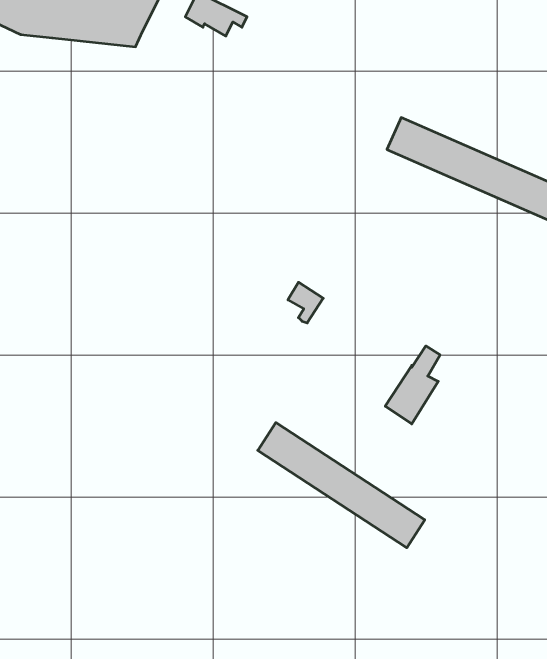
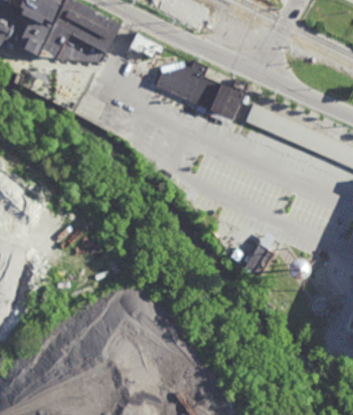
building: none -> [157,59,244,125]
building: [258,423,425,548] -> none

